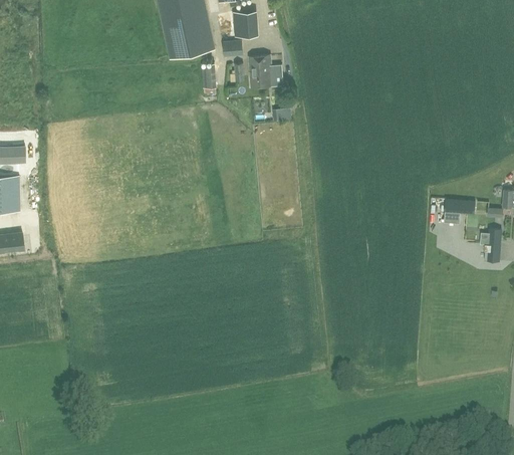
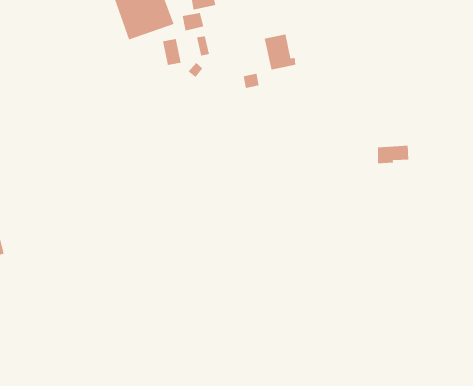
building: [248,55,276,88] -> [264,34,296,70]
building: [444,199,476,216] -> [377,145,409,164]

